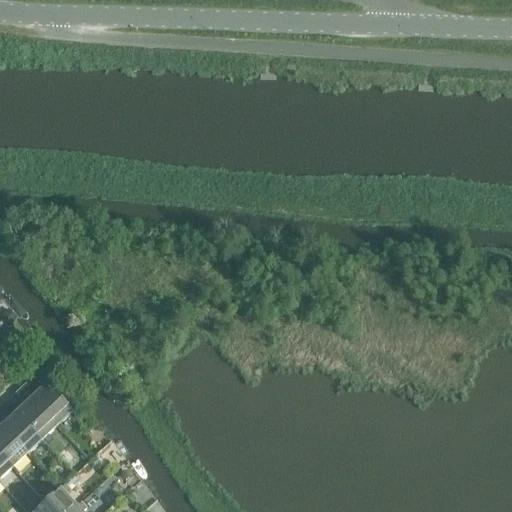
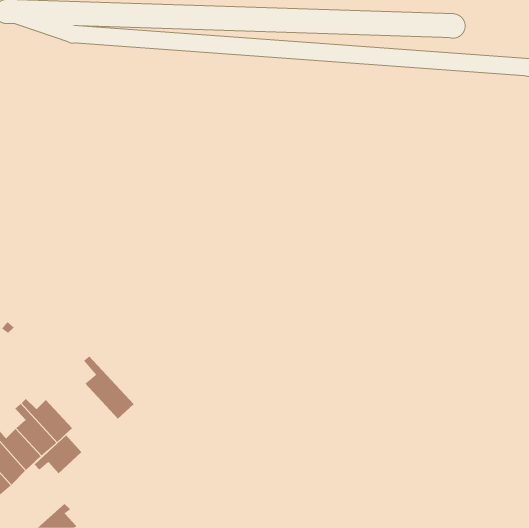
building: none -> [83,356,135,420]
building: none -> [34,434,82,474]

